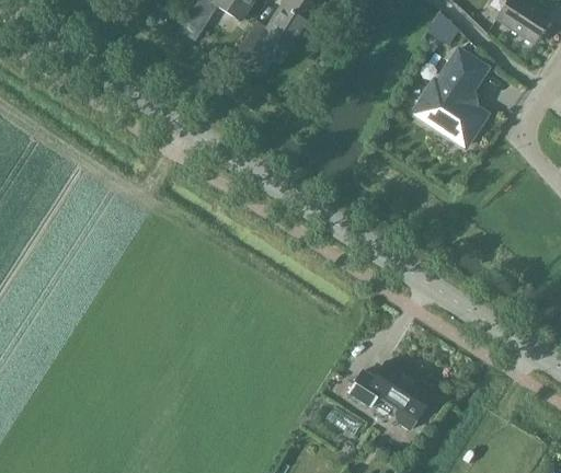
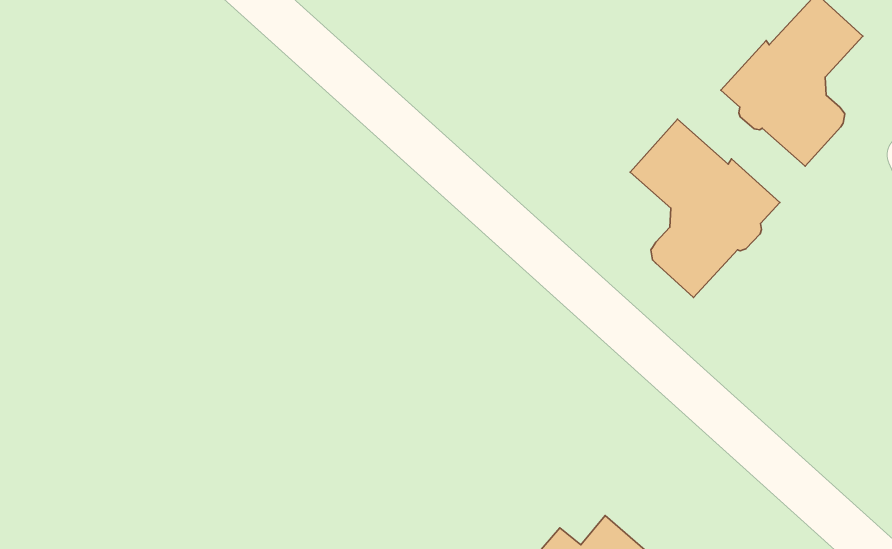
building: none -> [630,119,780,298]

